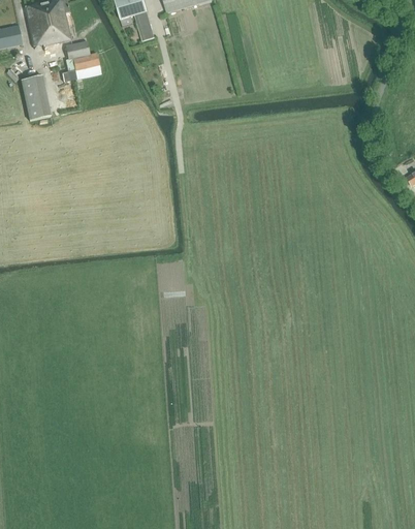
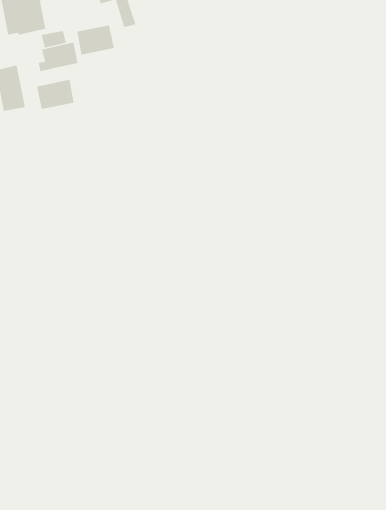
building: none -> [76,24,115,56]
building: none -> [36,79,75,110]

